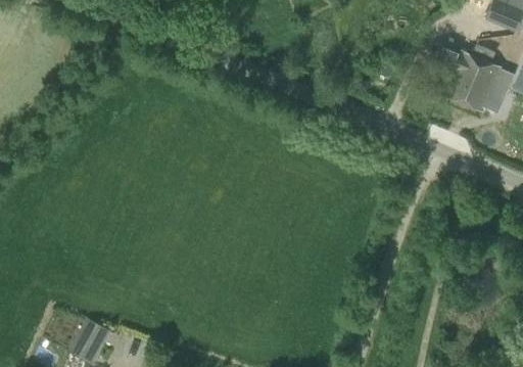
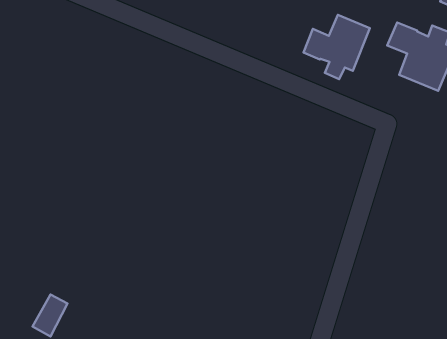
building: none -> [304,15,370,79]

